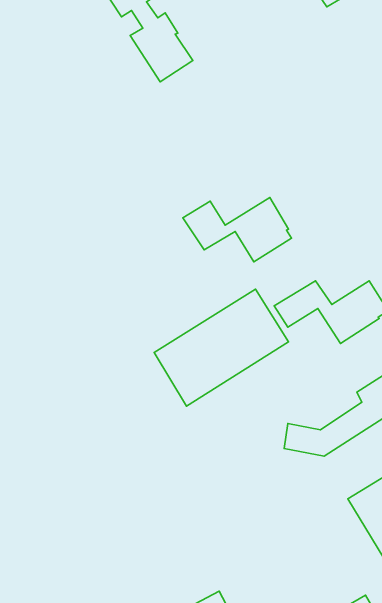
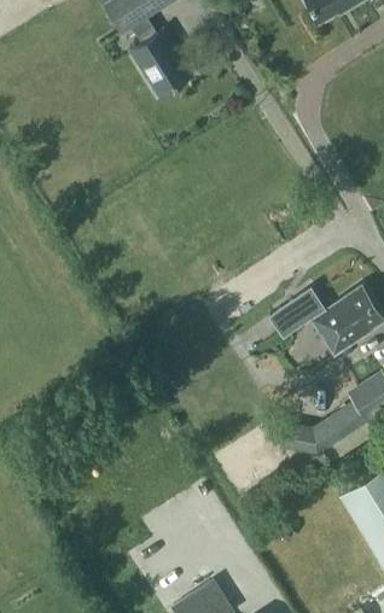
building: [183,198,292,262] -> none
building: [154,289,289,406] -> none

